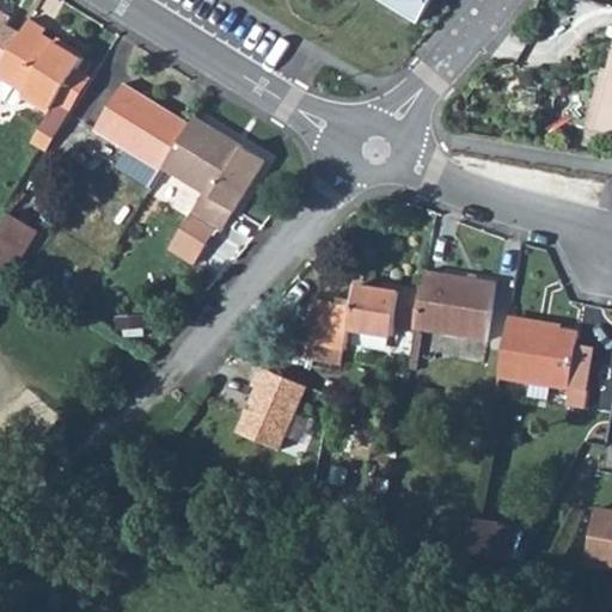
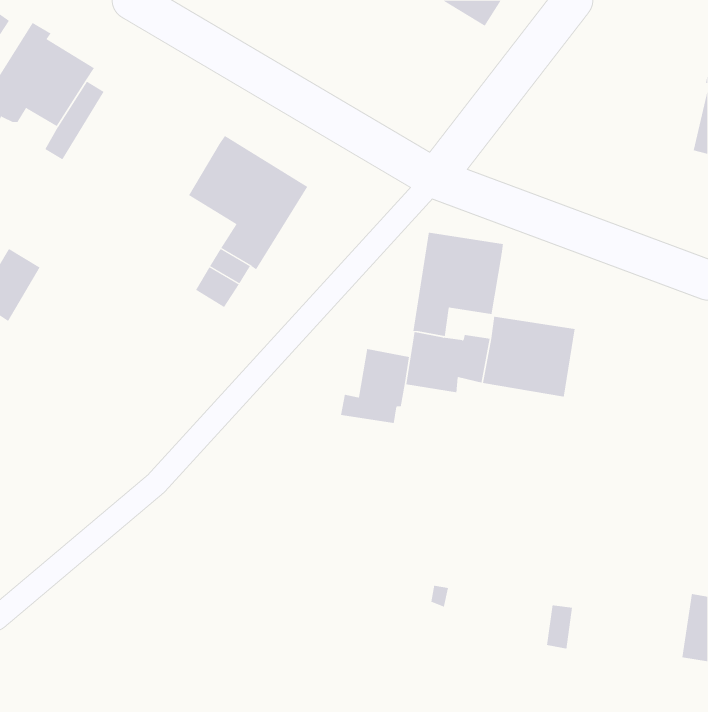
building: [93,84,188,171] -> none
building: none -> [413,232,503,337]
building: [497,322,576,388] -> none
building: [235,367,305,449] -> none

